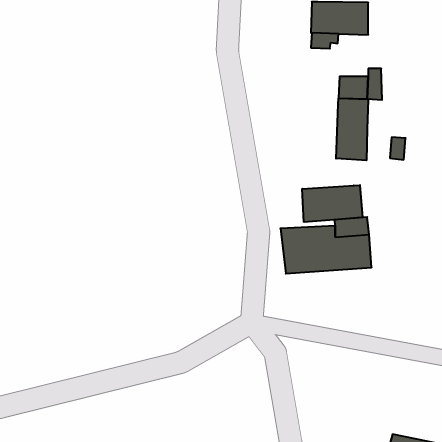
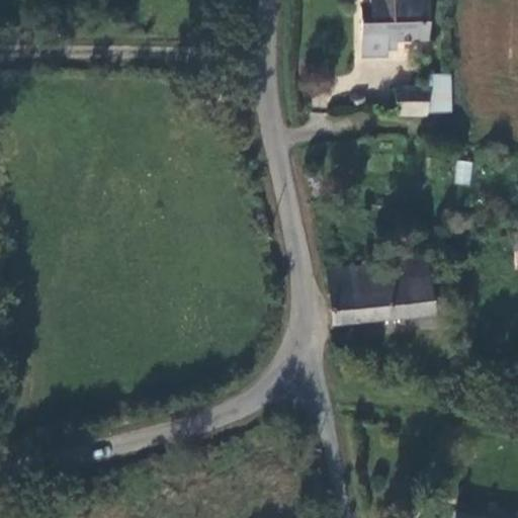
building: [336,98,368,160] -> none
building: [302,185,362,222] -> none

